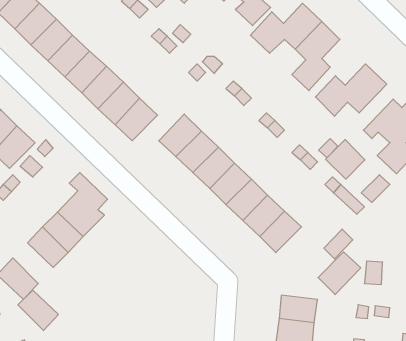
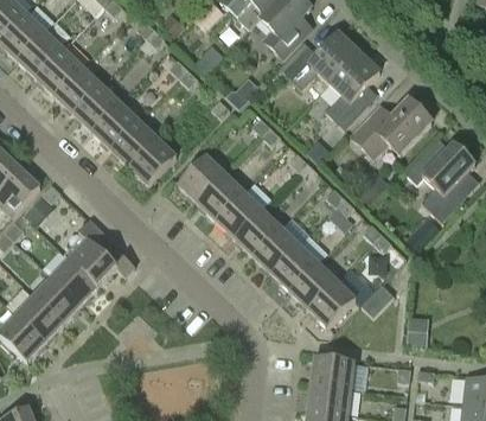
building: [326,140,365,179] -> none
building: [318,252,361,295] -> [308,280,356,327]
building: [18,290,58,331] -> [15,298,60,343]

